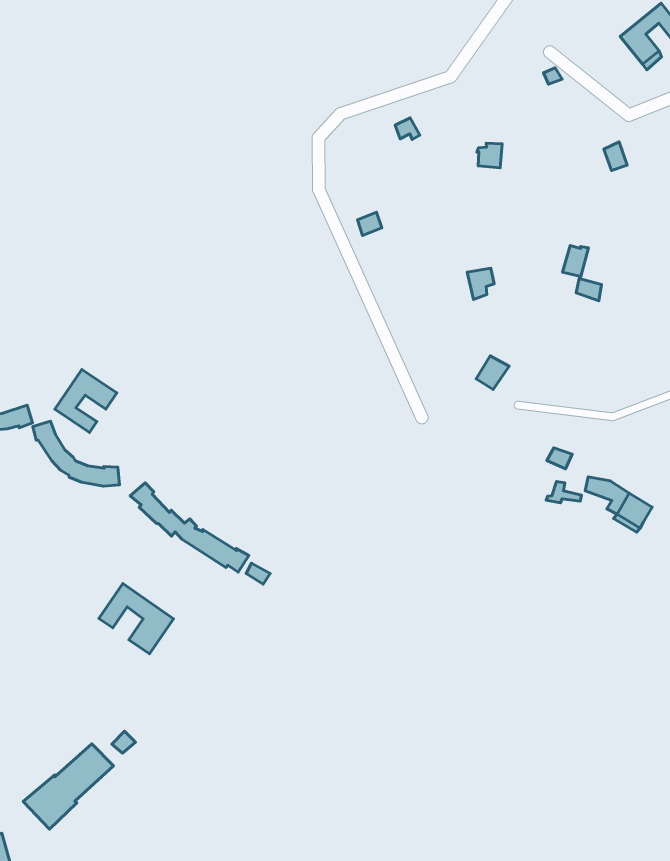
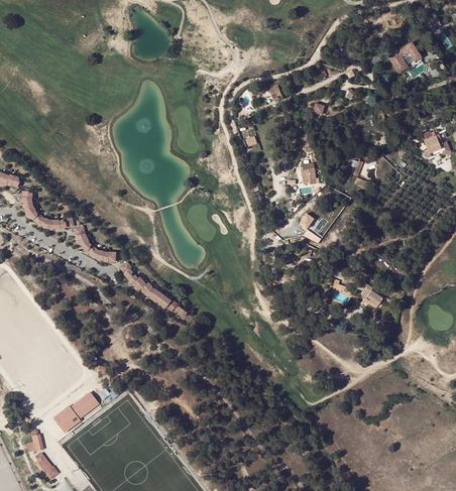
building: [55,370,117,433] -> none
building: [99,584,173,654] -> none

